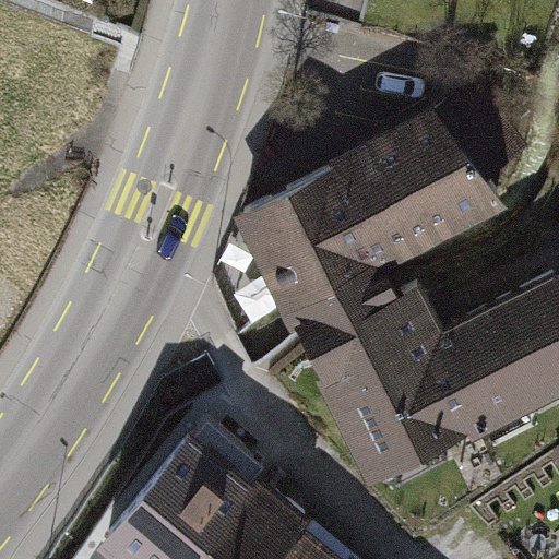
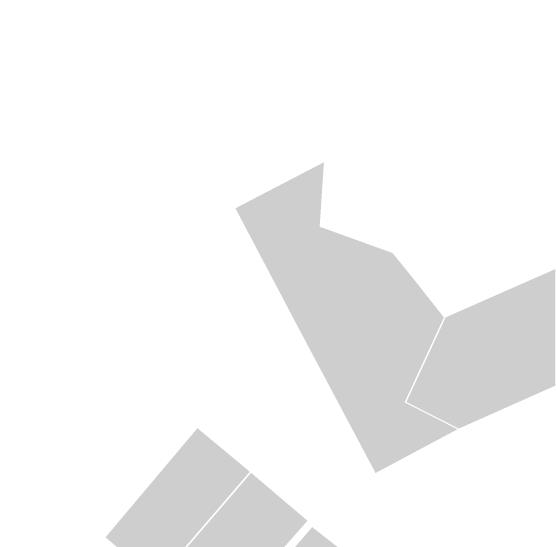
building: [321,91,535,263] -> none

